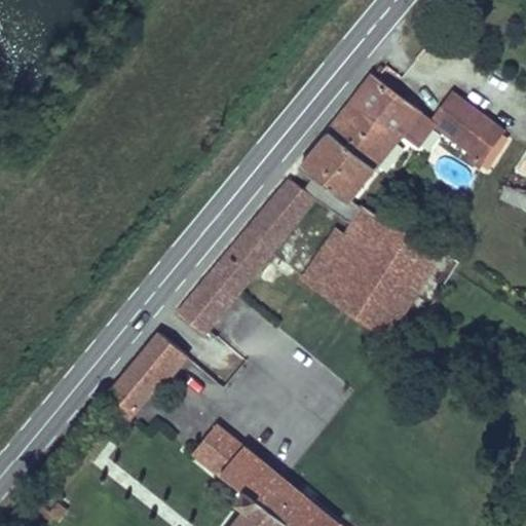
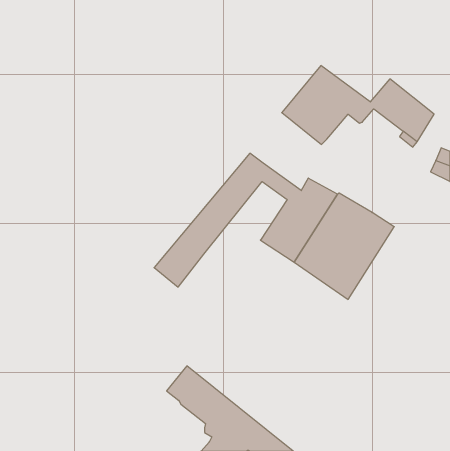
building: [299,130,373,221] -> none
building: [107,333,184,418] -> none

